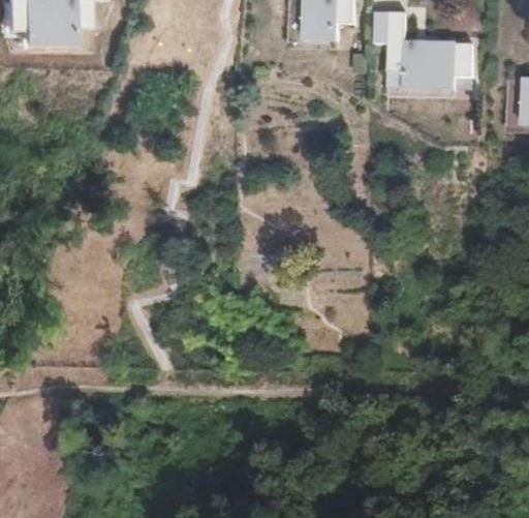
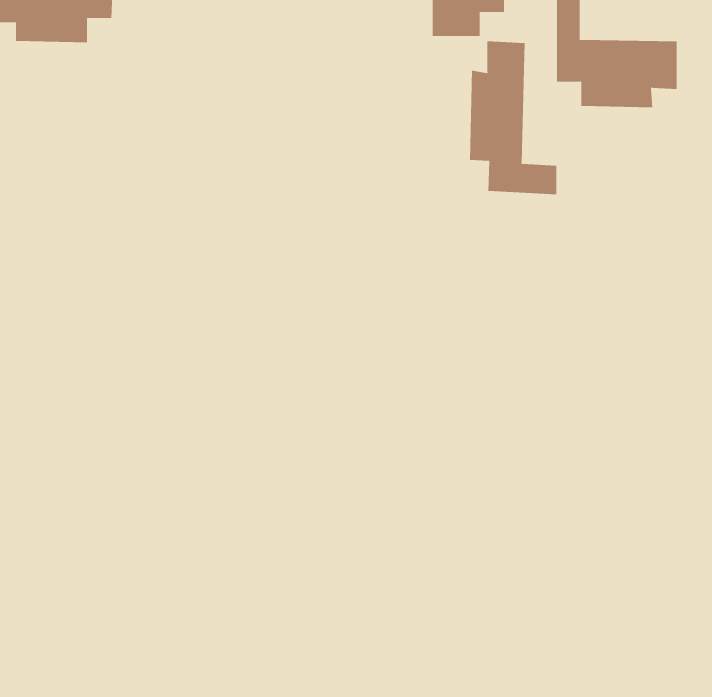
building: none -> [470,40,557,195]

